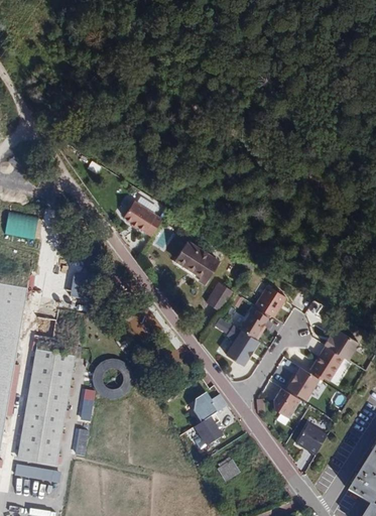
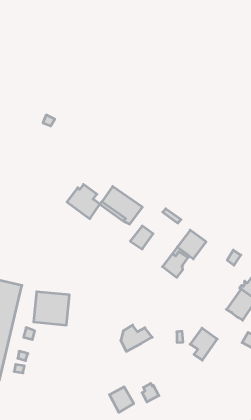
building: [123,197,160,235] -> [67,184,100,219]
building: [221,319,254,360] -> none
building: [282,363,316,396] -> none
building: [194,417,222,446] -> [109,387,134,412]
building: [296,421,328,454] -> none

